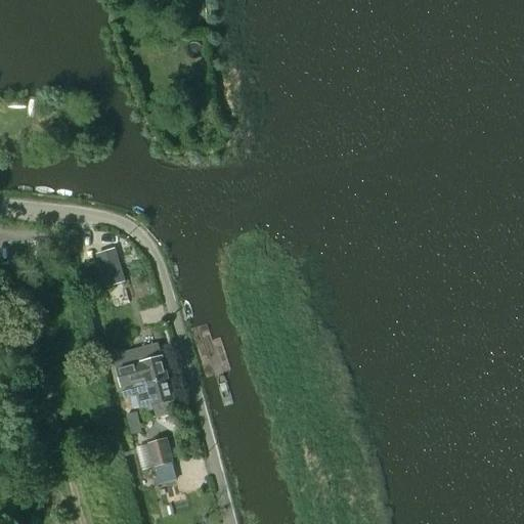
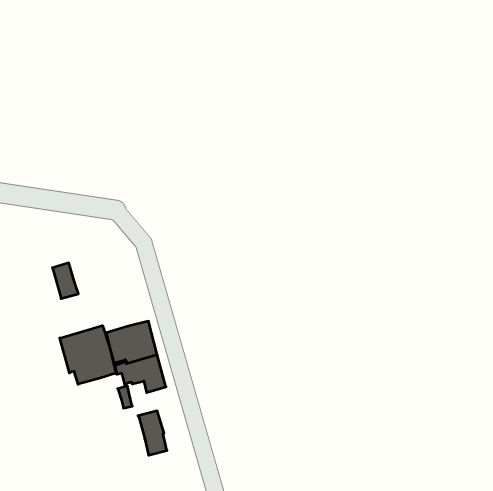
building: [95,248,123,286] -> [52,263,78,299]
building: none -> [60,326,116,384]

